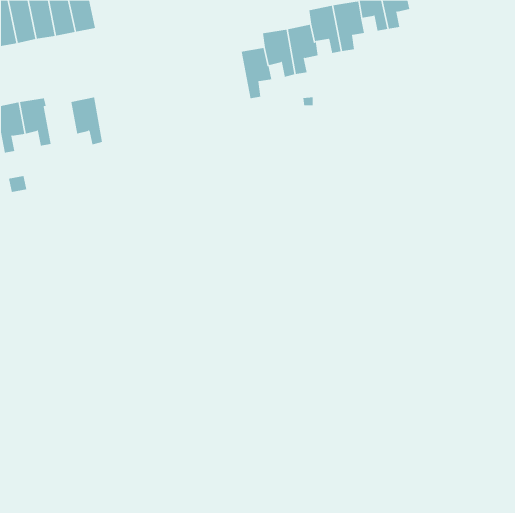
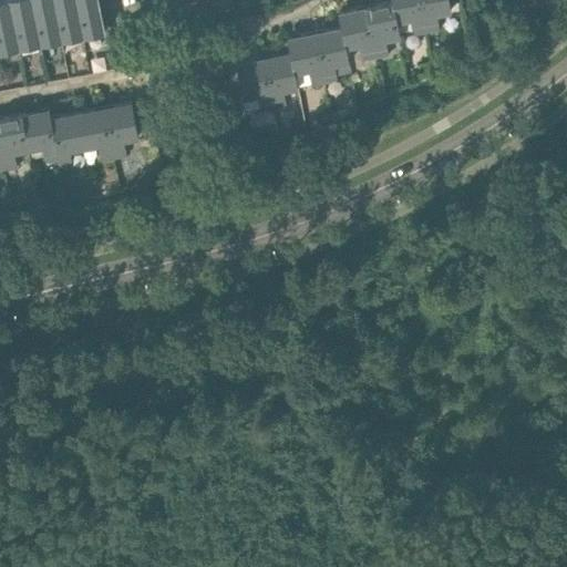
building: none -> [236,59,275,113]
building: none -> [104,103,138,158]
building: none -> [49,114,84,169]

